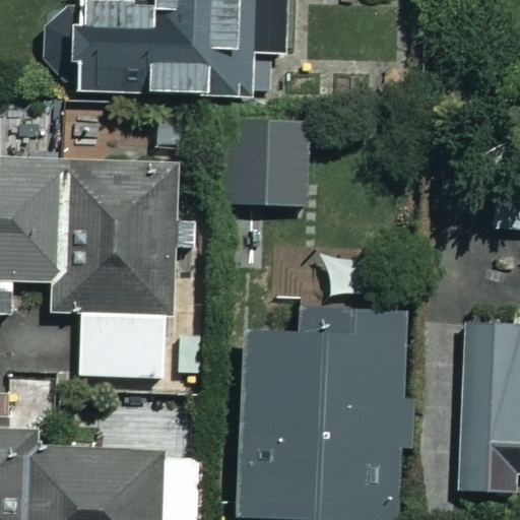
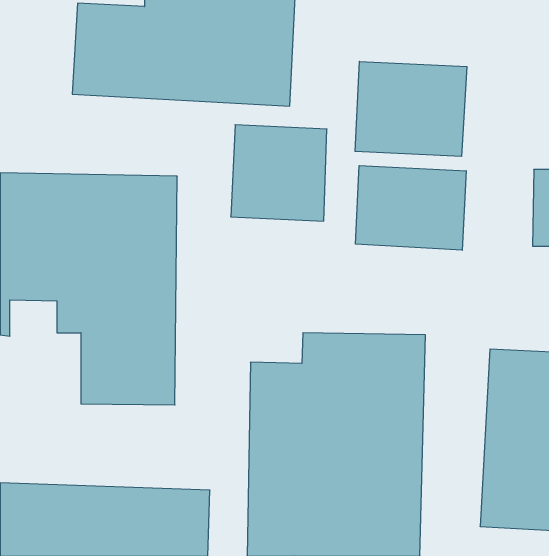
building: none -> [355,61,467,156]
building: none -> [356,166,466,250]

